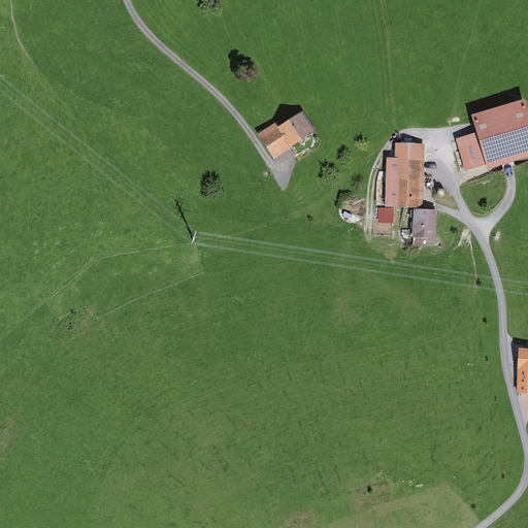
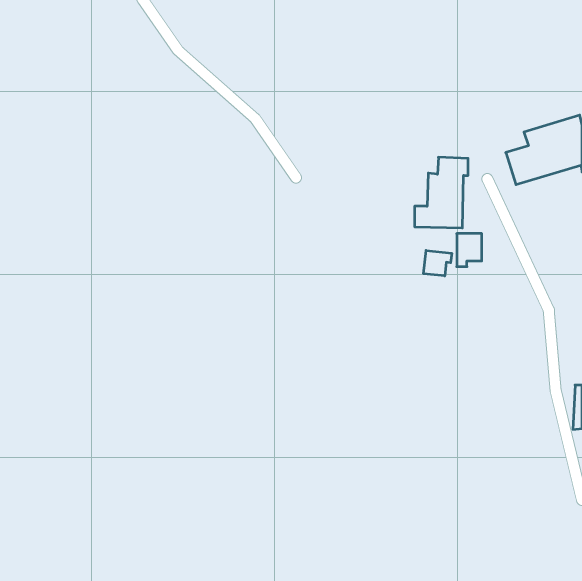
building: [258,111,314,158] -> none
building: none -> [424,250,452,276]

